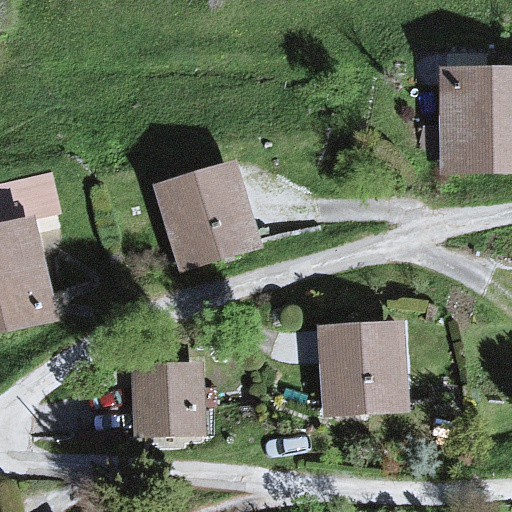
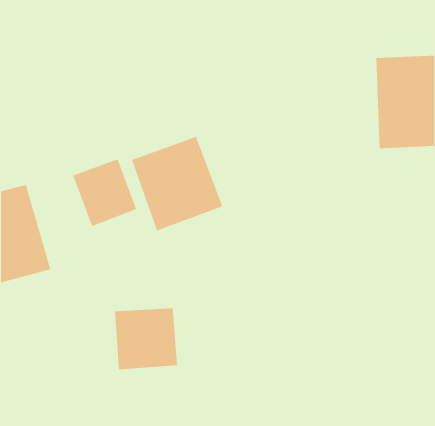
building: none -> [73,158,137,227]
building: [317,321,409,416] -> none

